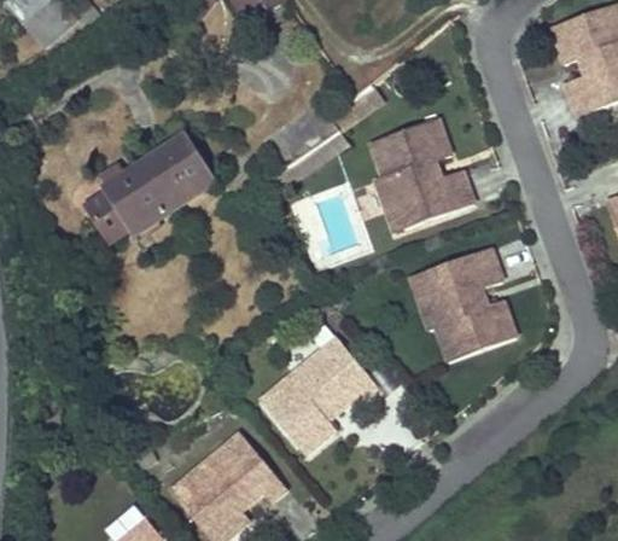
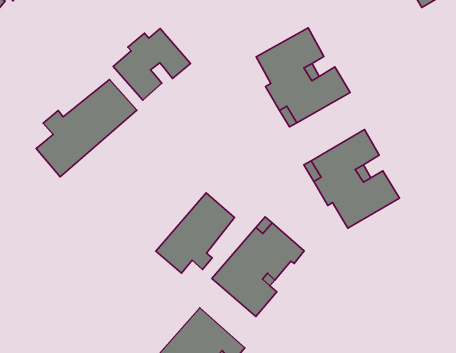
building: none -> [113,29,191,100]
building: none -> [156,193,235,273]

